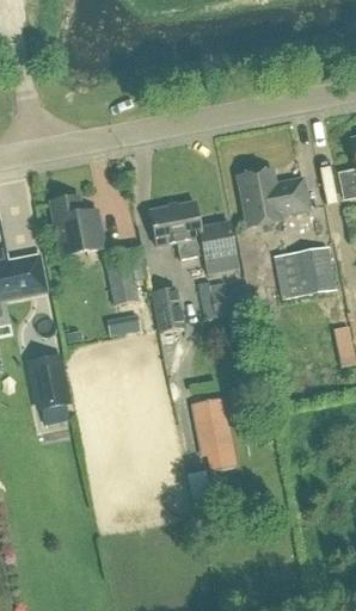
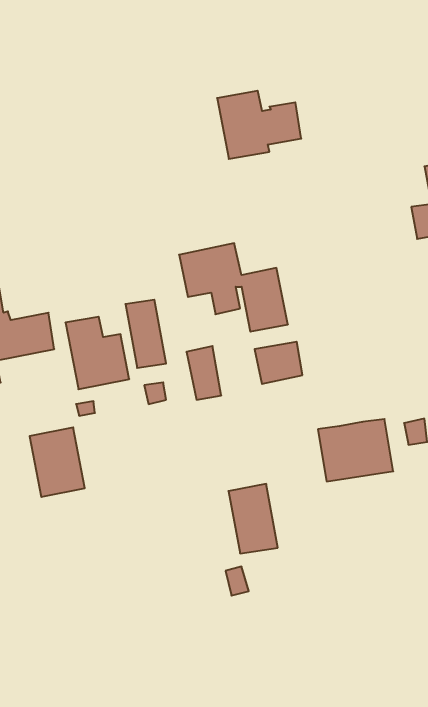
building: [239,169,308,226] -> [217,91,301,159]
building: [51,196,104,255] -> [65,317,129,389]
building: [272,246,334,297] -> [318,419,393,481]

